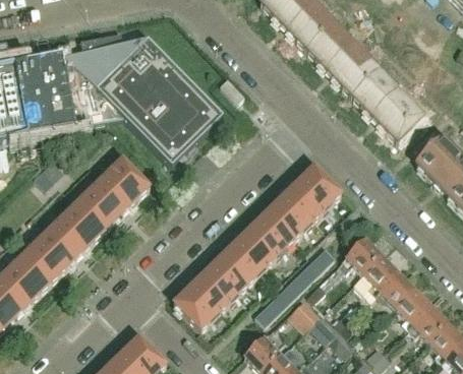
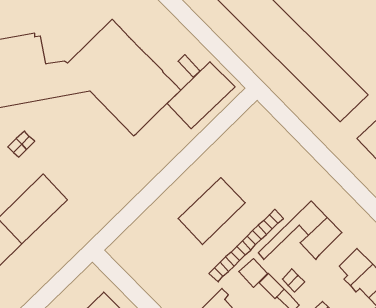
building: [64,37,149,85] -> none
building: [73,158,151,234] -> none
building: [268,164,342,237] -> [167,62,235,129]
building: [173,254,247,328] -> none
building: [375,269,416,306] -> none

